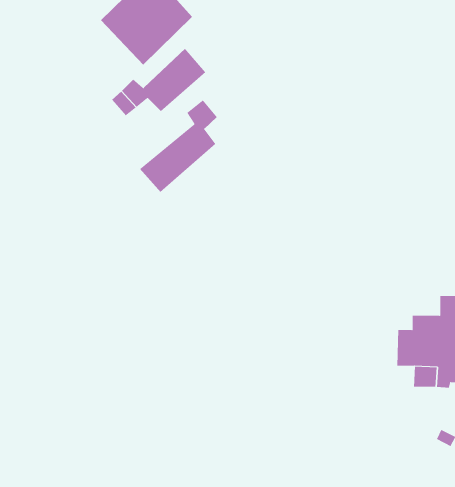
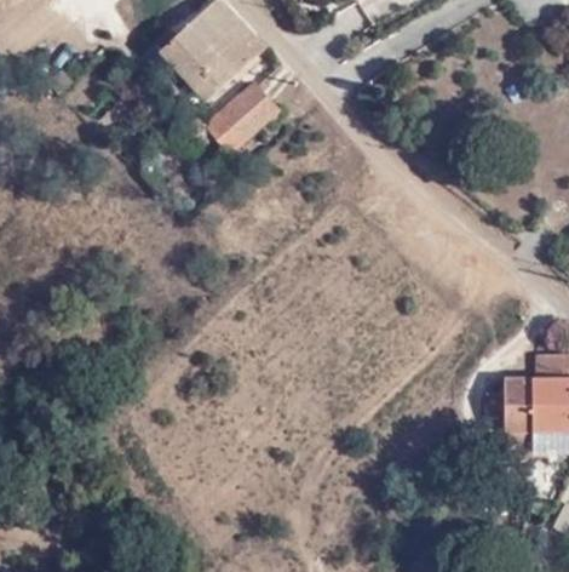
building: [139,100,217,193] -> none

